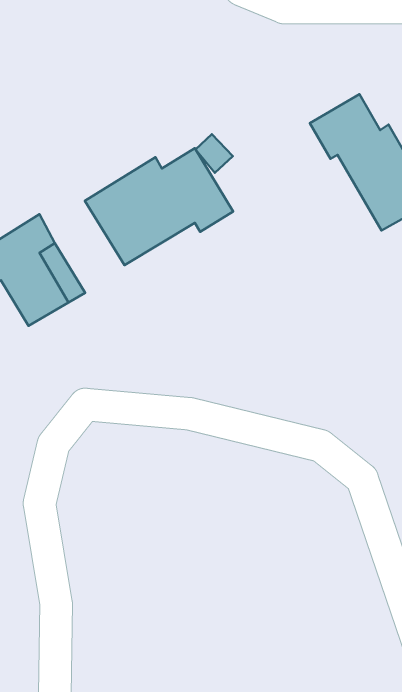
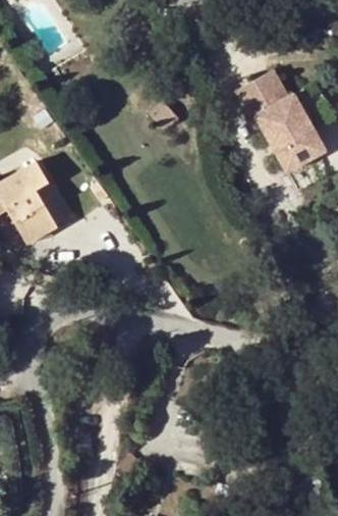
building: [85,148,233,265] -> none

